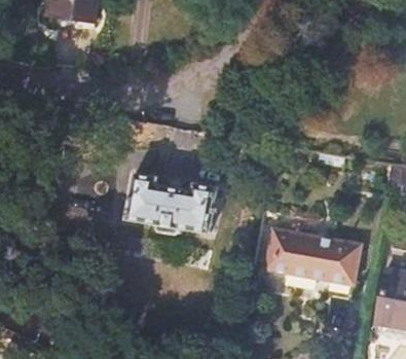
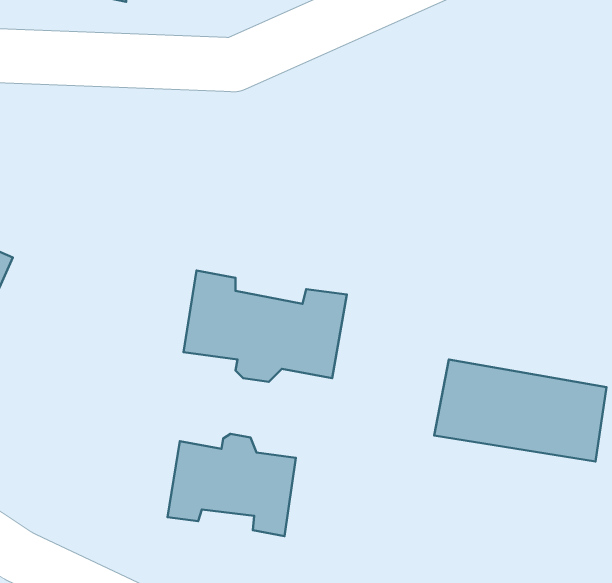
building: none -> [168,434,296,536]

